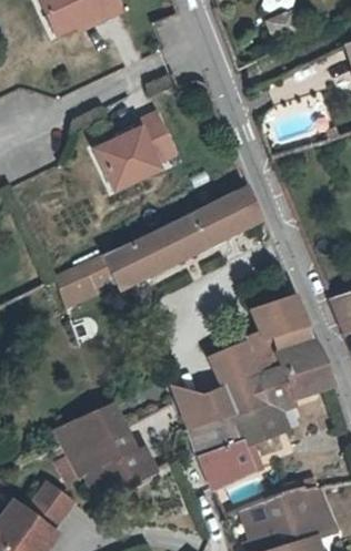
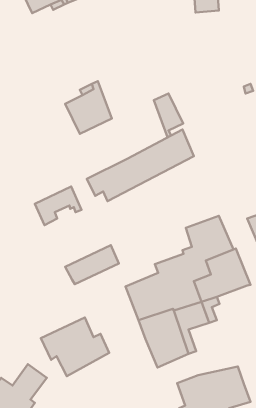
building: [139,113,177,170] -> [154,93,183,137]
building: [104,247,151,292] -> none
building: [53,402,122,452] -> [65,245,119,284]

